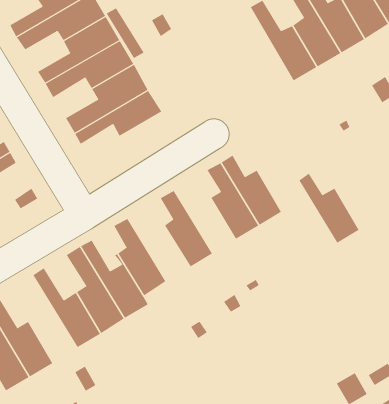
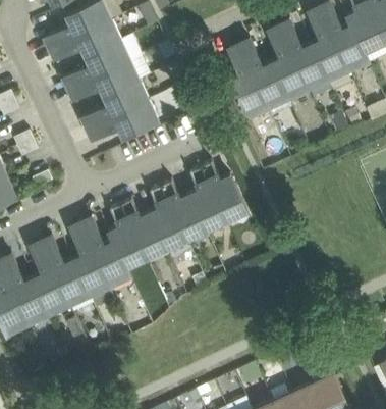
building: none -> [227,45,266,117]
building: [298,173,360,244] -> [161,181,206,240]
building: none -> [121,199,167,258]
building: none -> [29,242,69,314]

